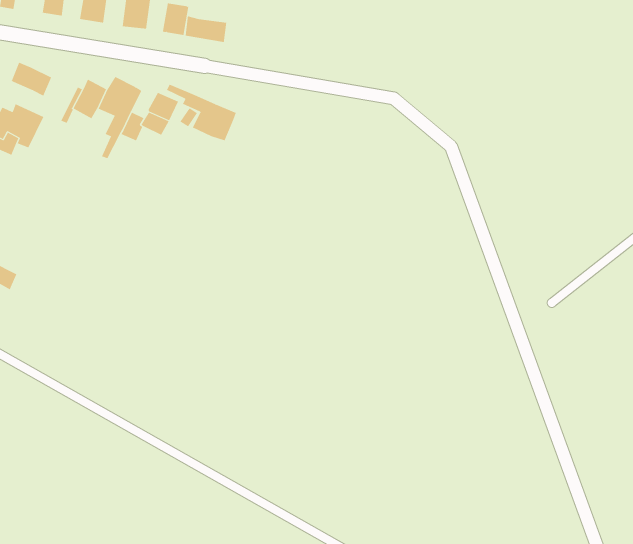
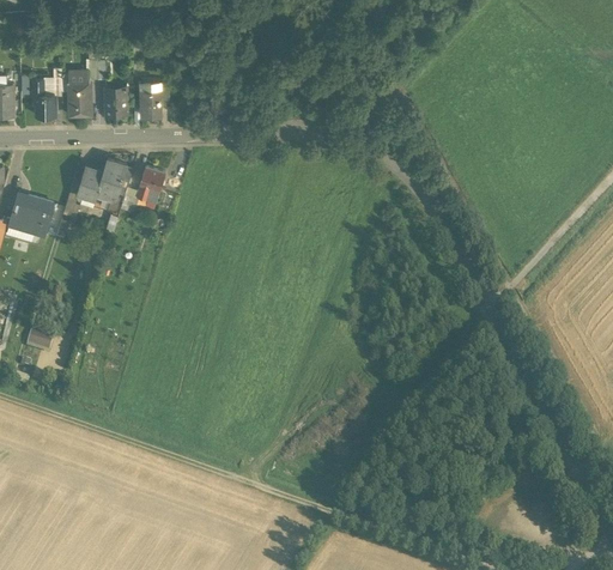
building: [185,16,227,43] -> none
building: [11,62,52,96] -> none
building: [166,84,236,141] -> none

